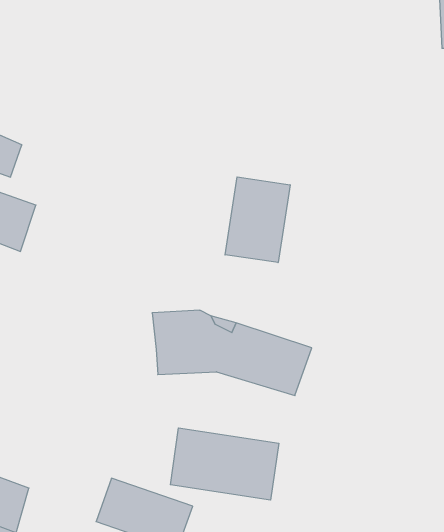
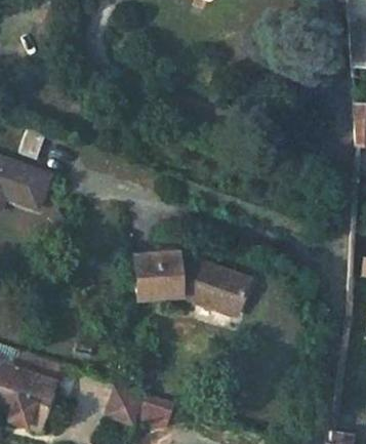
building: [225,177,290,263] -> none
building: [170,428,279,500] -> none

